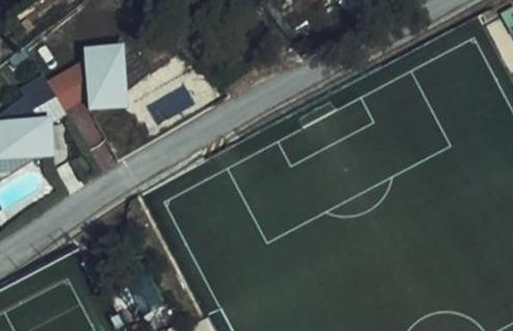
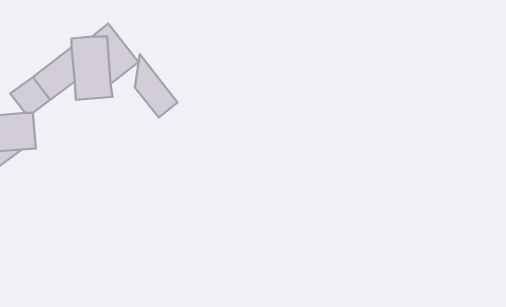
building: none -> [135,54,177,117]

